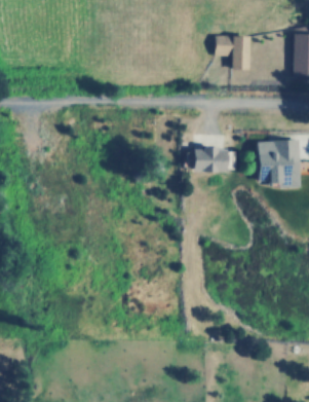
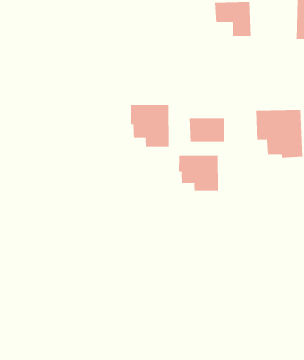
building: none -> [130,104,169,147]
building: none -> [179,155,219,191]

